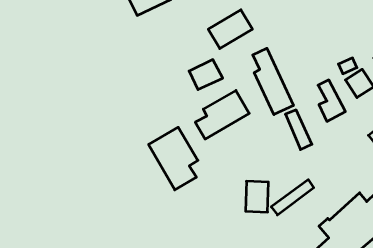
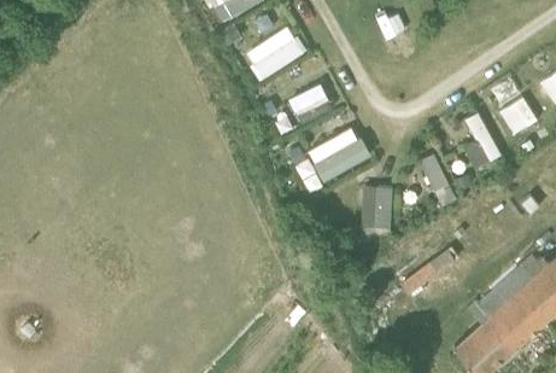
building: [208,10,252,49] -> [244,27,304,80]
building: [253,48,293,115] -> none
building: [149,127,198,190] -> none
building: [246,181,268,212] -> [361,187,392,229]

